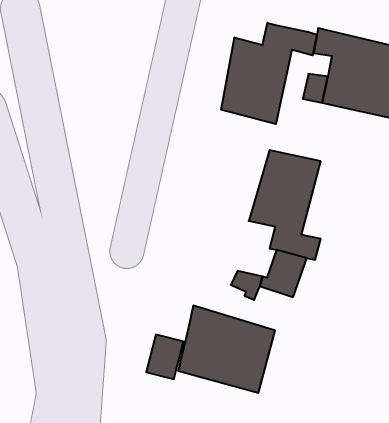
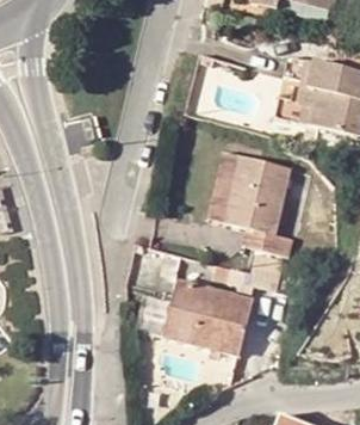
building: [221,23,317,124] -> none

